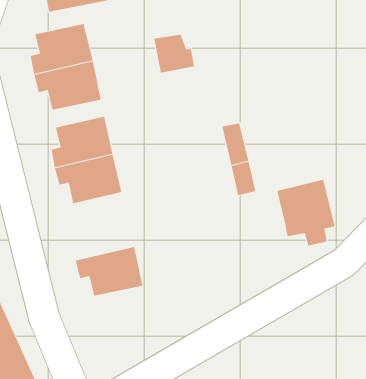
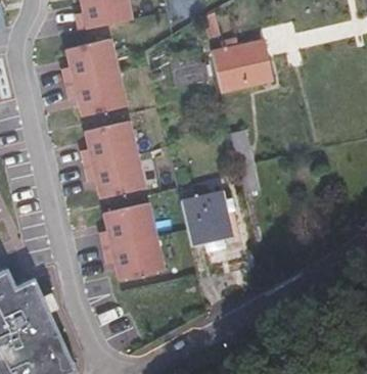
building: none -> [214,39,273,90]
building: [277,179,335,246] -> [182,190,234,249]
building: none -> [99,204,155,249]

